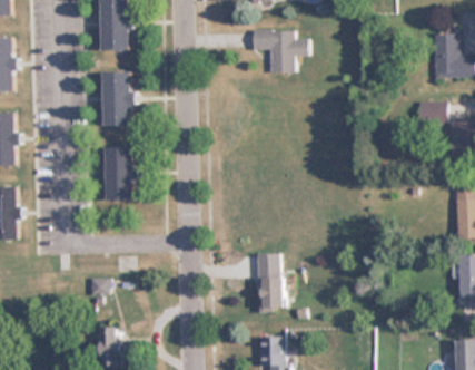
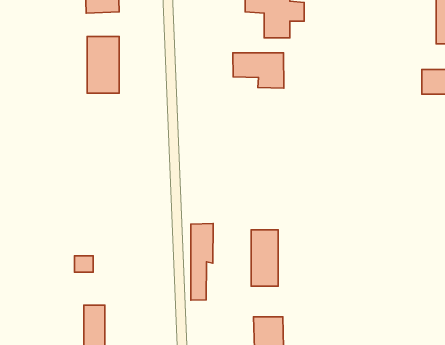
building: none -> [233,53,284,88]
building: [105,147,133,201] -> none
building: none -> [191,224,213,300]

